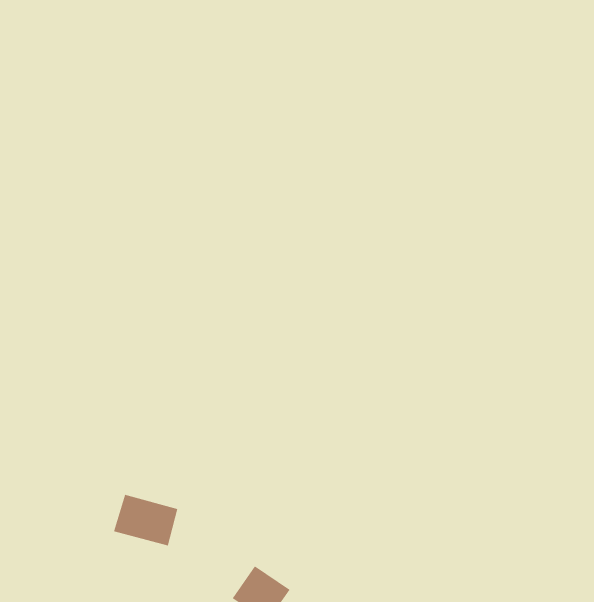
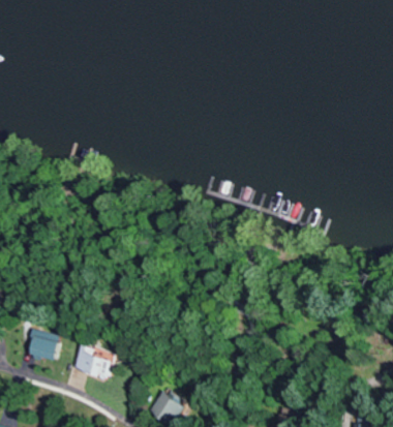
building: none -> [27,328,60,360]

